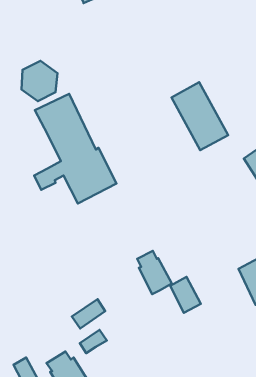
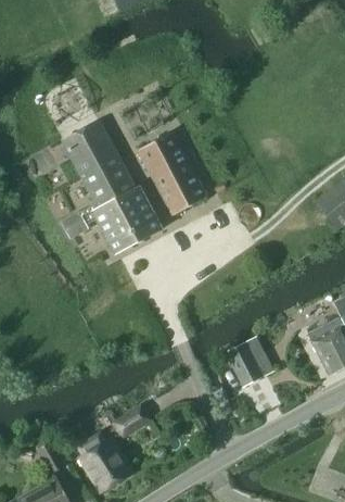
building: [172,82,228,150] -> [138,131,206,214]
building: [137,251,172,294] -> none
building: [72,299,105,329] -> none

